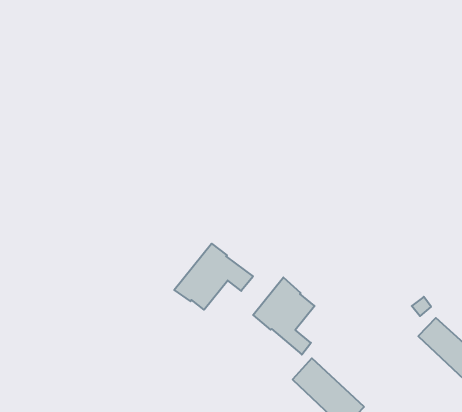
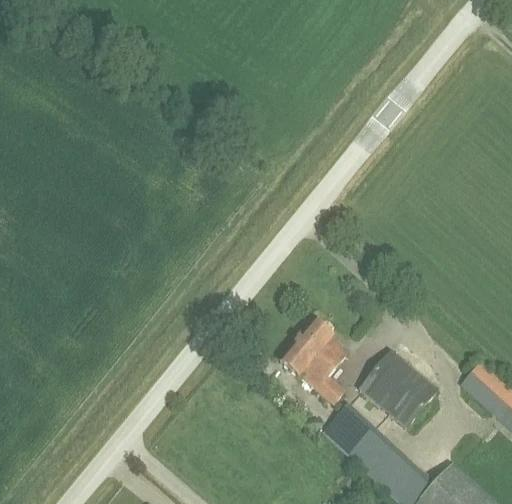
building: [174,244,253,310] -> none
building: none -> [360,350,438,427]

